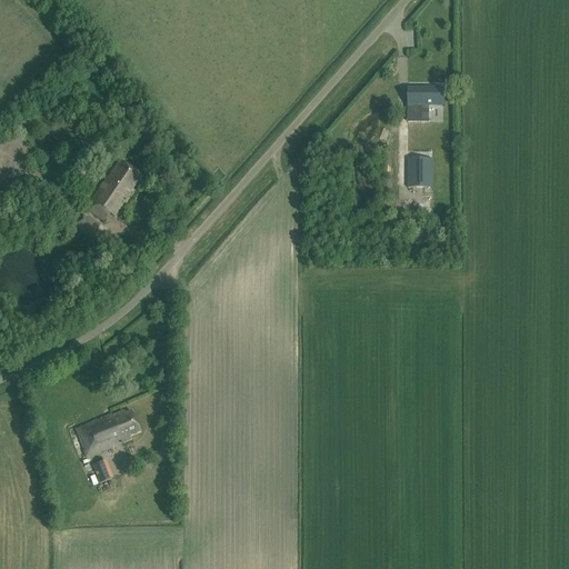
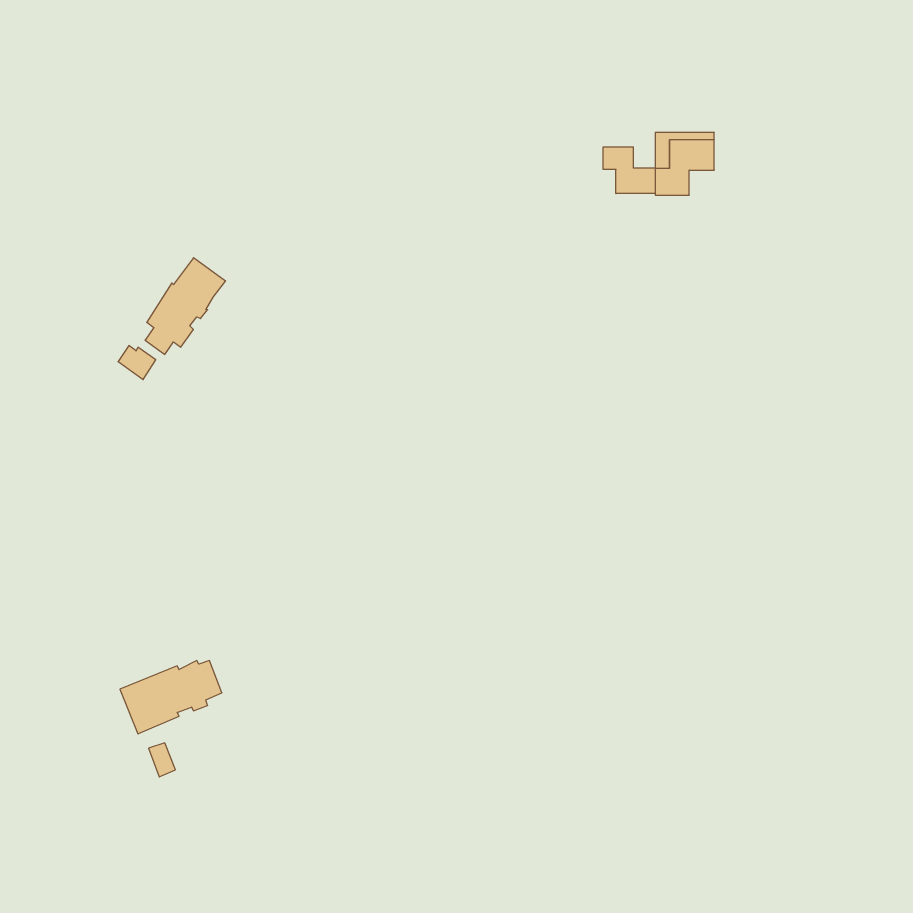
building: none -> [603,147,655,194]
building: [407,158,431,187] -> none

